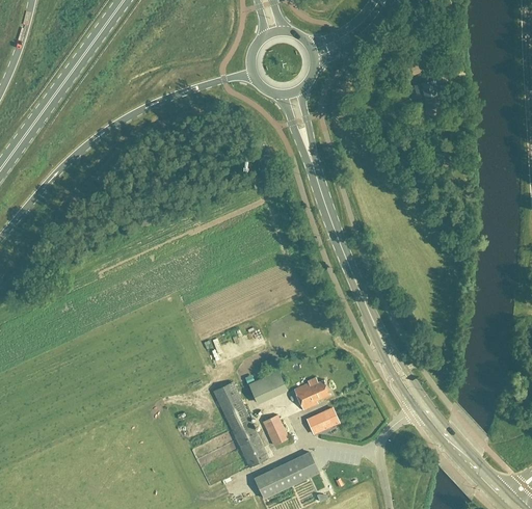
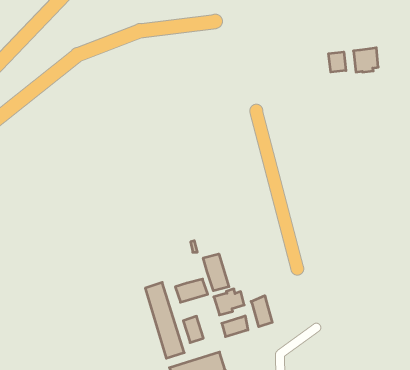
building: none -> [329,52,346,72]
building: none -> [203,254,229,291]
building: none -> [251,296,272,327]

